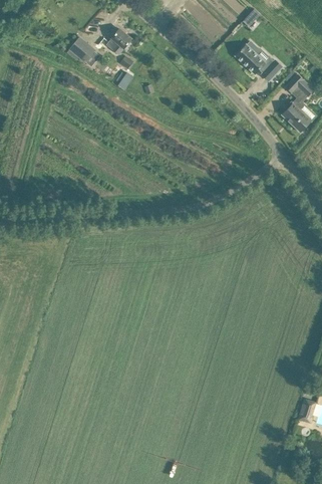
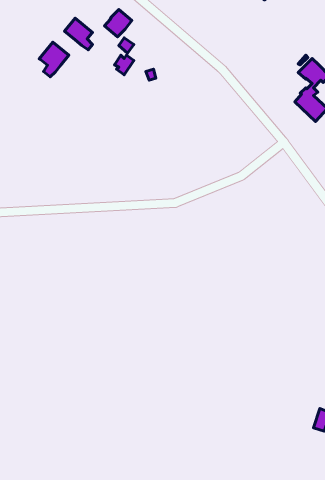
building: [235,40,282,80] -> none
building: none -> [39,42,69,77]

